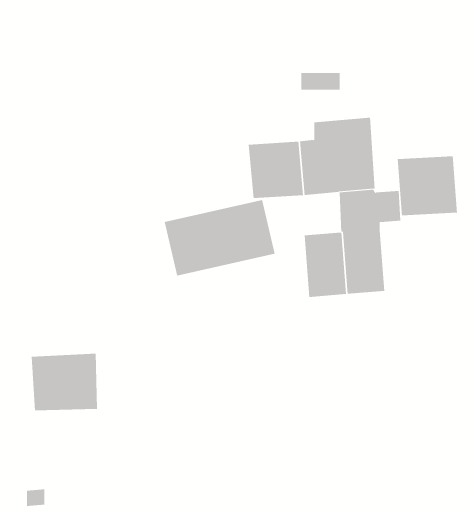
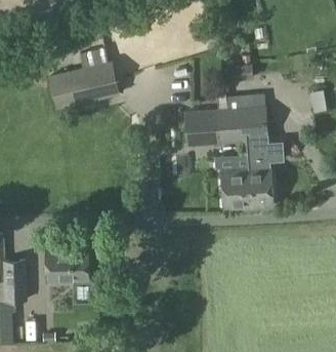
building: [397,155,457,216] -> none
building: [164,199,276,276] -> [47,61,119,110]

